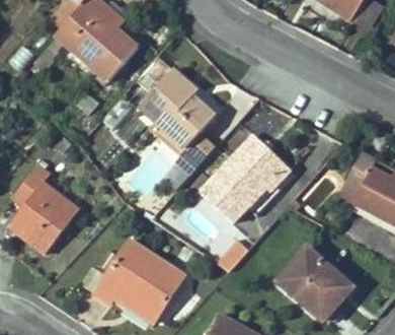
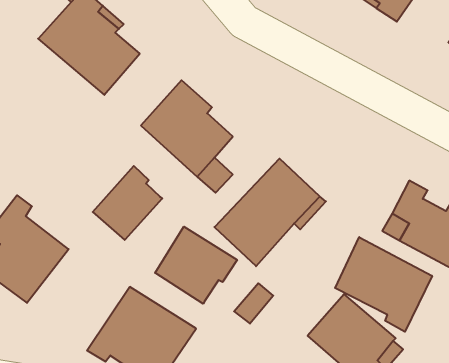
building: none -> [93,166,162,240]
building: none -> [155,227,237,304]
building: none -> [335,237,432,332]

